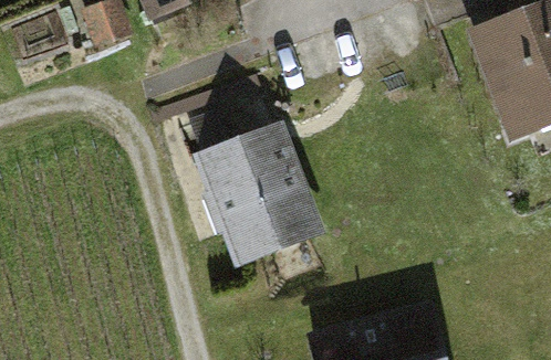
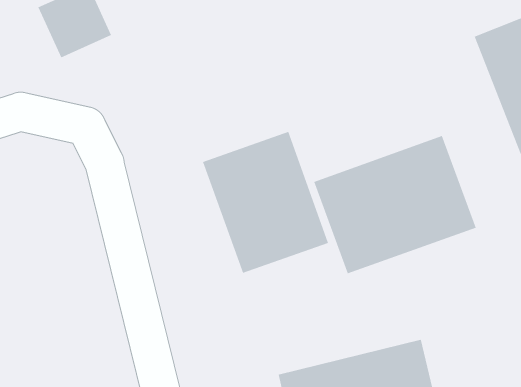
building: none -> [314,135,476,274]

